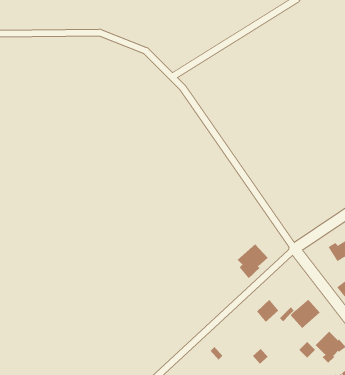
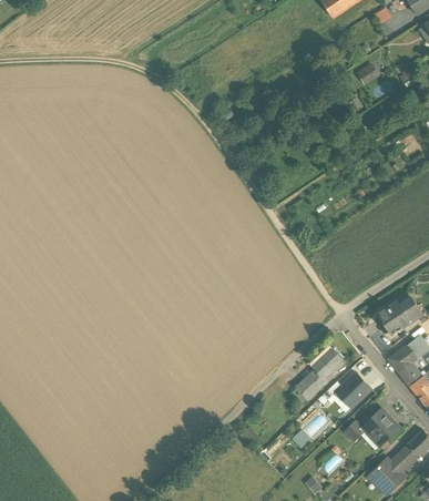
building: [237,243,269,279] -> [309,345,346,386]

